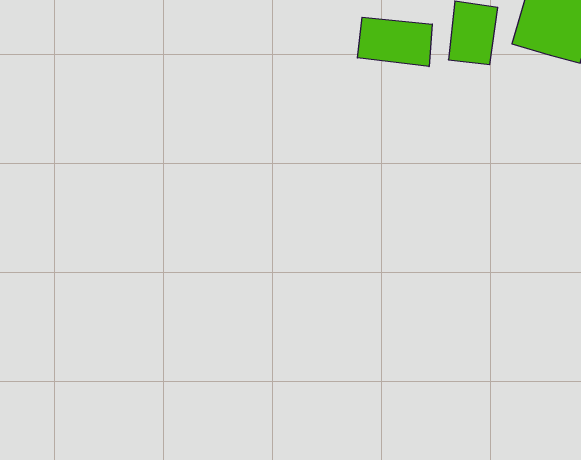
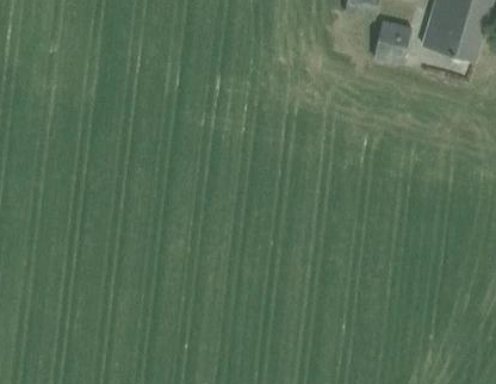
building: [357,17,432,67] -> none

